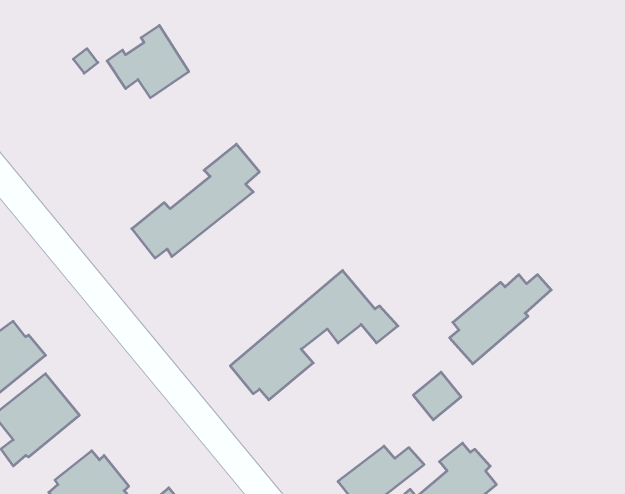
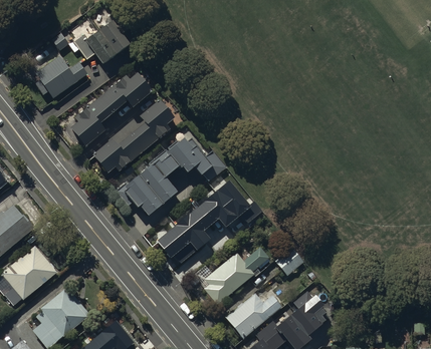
building: none -> [33,54,86,96]
building: none -> [69,69,152,144]
building: none -> [116,136,226,215]
building: [450,275,551,364] -> [202,246,268,304]

